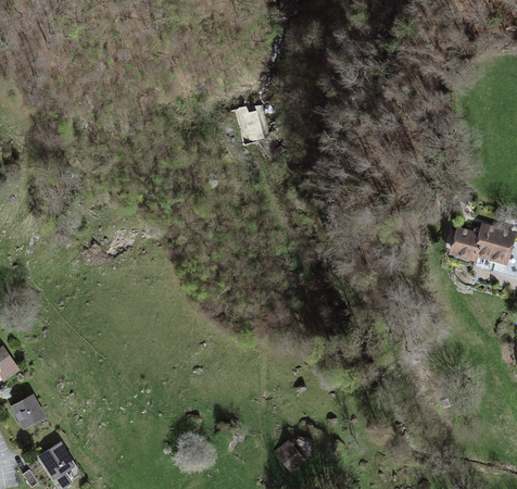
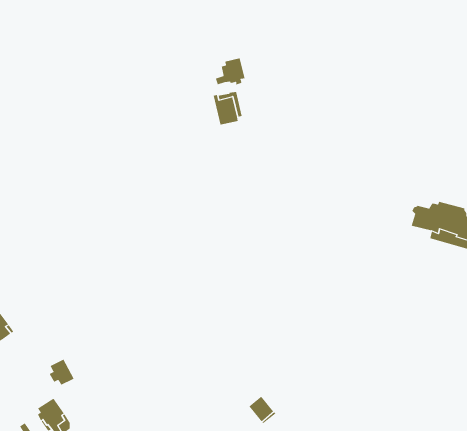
building: none -> [215,58,245,85]
building: [16,394,45,424] -> [49,359,75,386]

